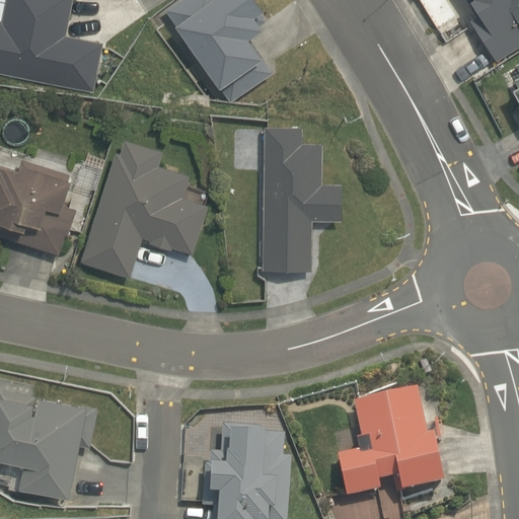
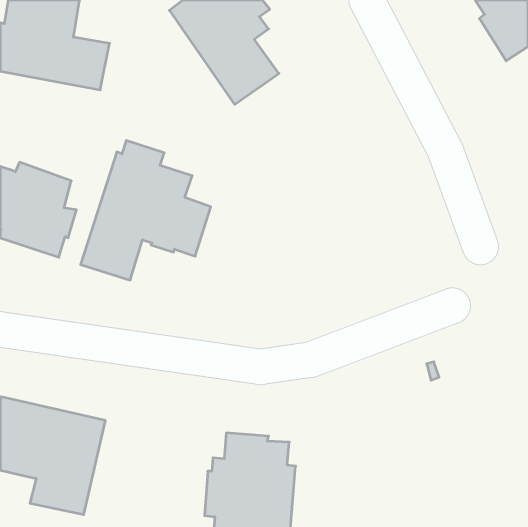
building: [261,126,343,270] -> none
building: [336,389,441,497] -> none

